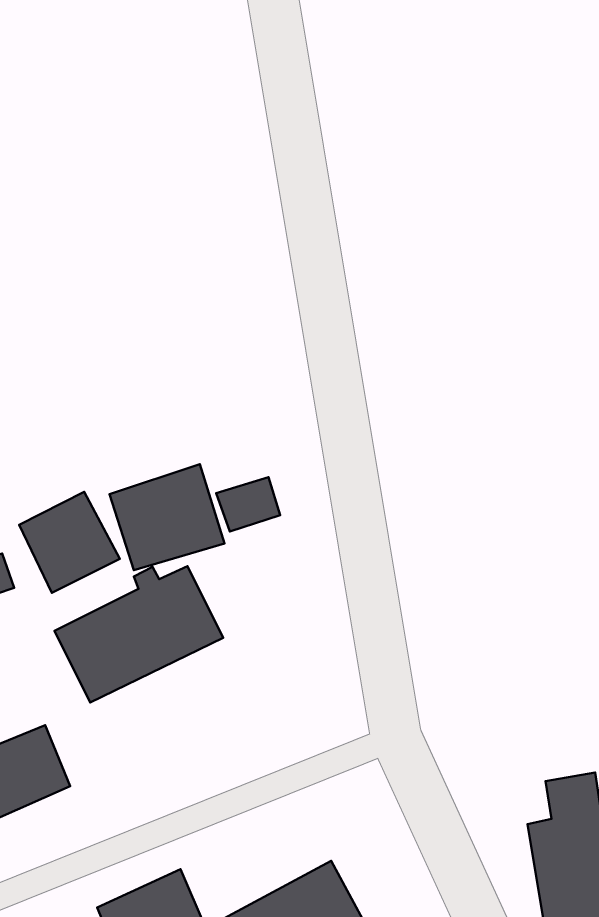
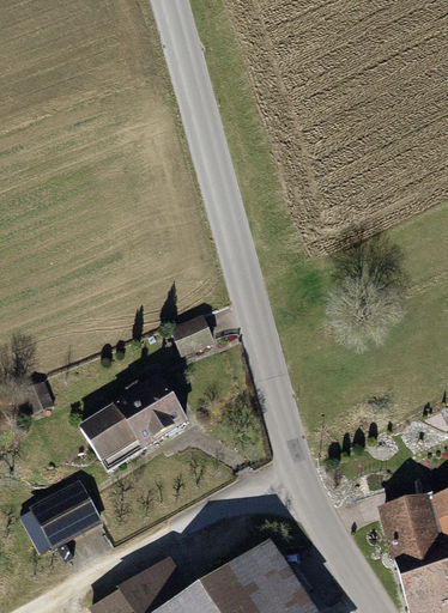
building: [109,464,225,570] -> none
building: [19,492,120,593] -> none

